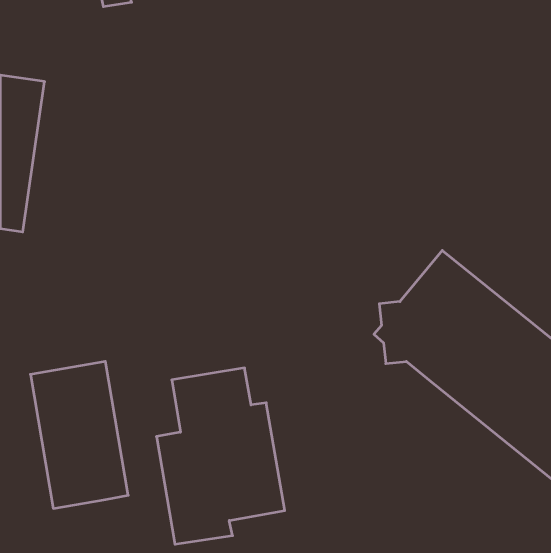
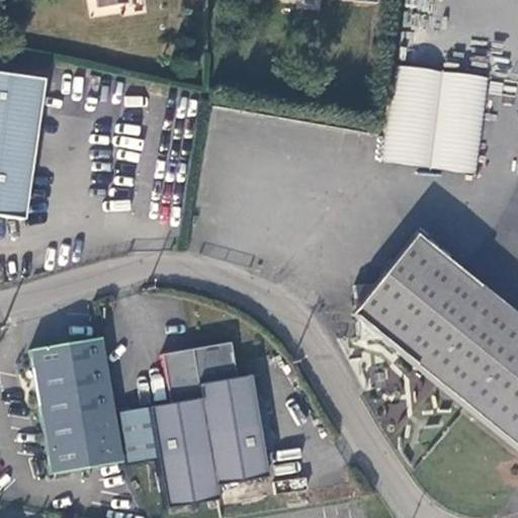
building: none -> [384,63,489,170]
building: none -> [121,407,159,461]

